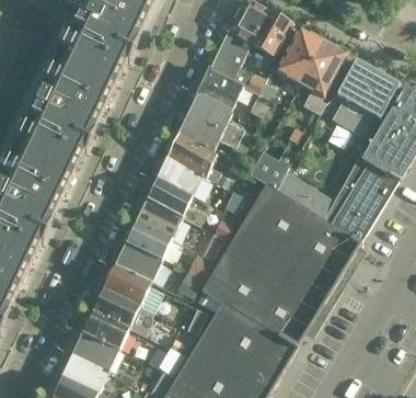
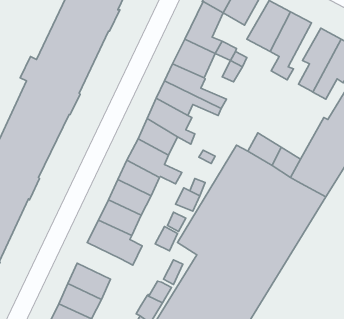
building: [249,147,296,191] -> none
building: [92,289,149,337] -> none

